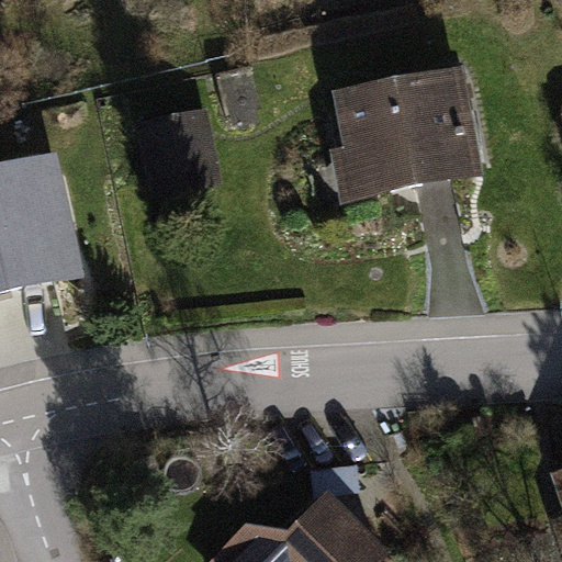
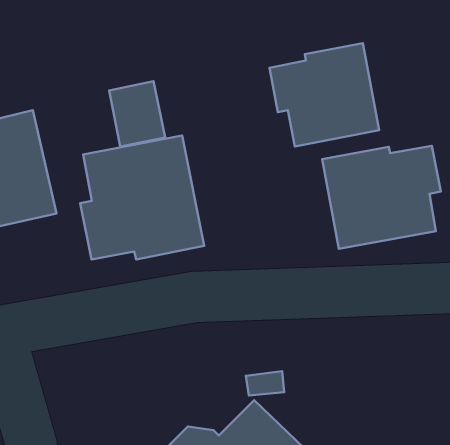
building: none -> [80,135,204,260]
building: none -> [322,146,441,249]

